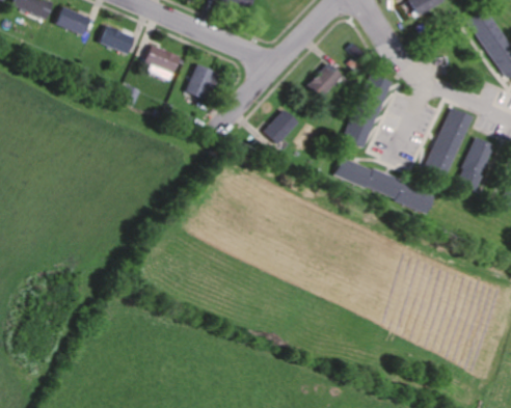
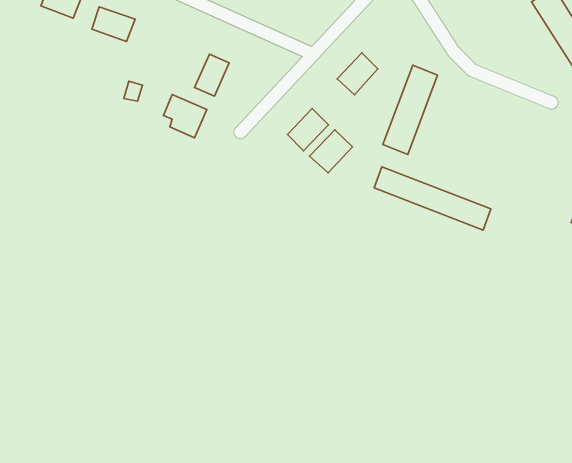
building: [144,45,181,81] -> [164,94,207,138]
building: [424,108,467,182] -> none
building: none -> [309,130,352,173]
building: [456,138,491,192] -> none

